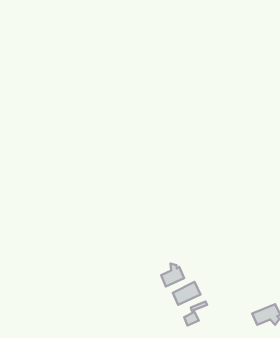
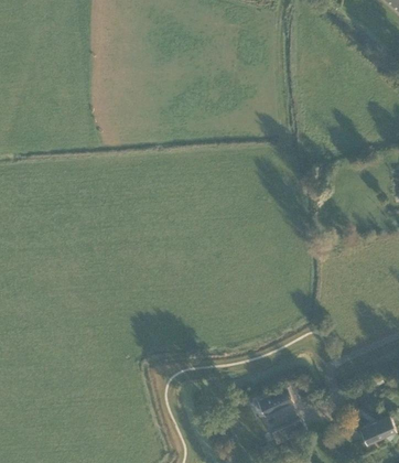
building: [161,264,184,287] -> none

